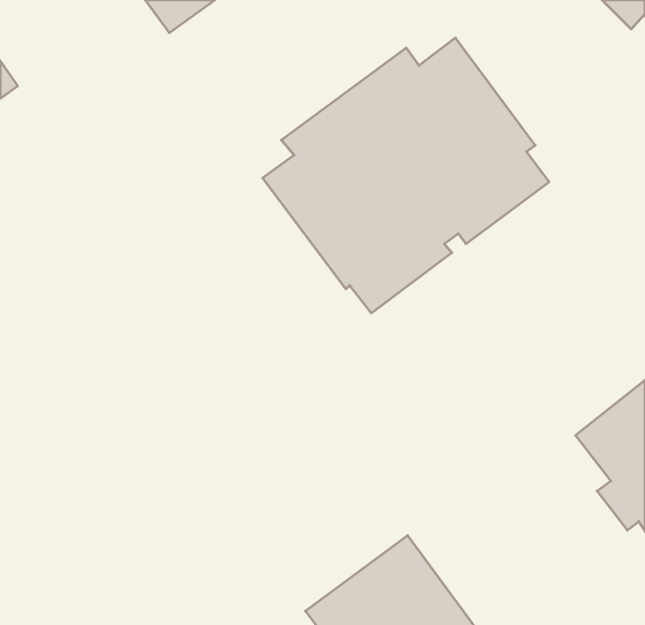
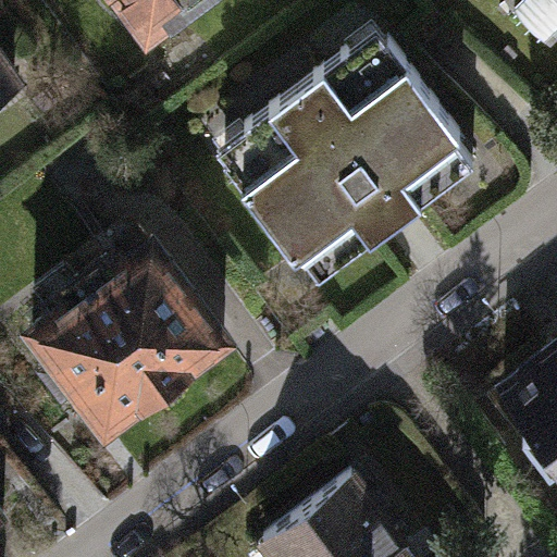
building: none -> [34,242,223,435]

